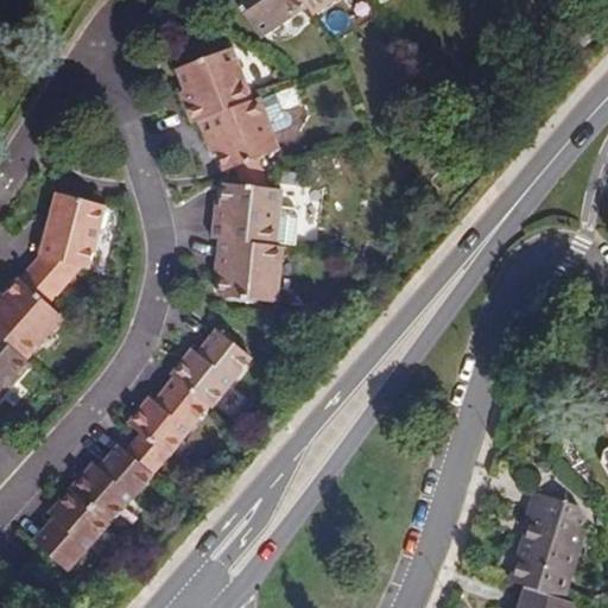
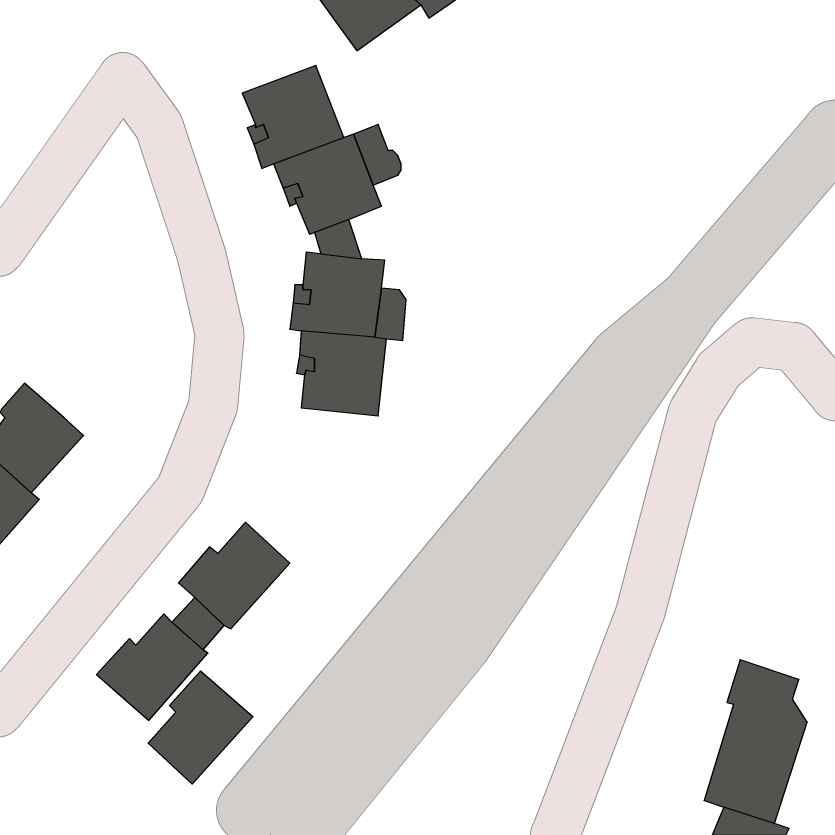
building: [18,194,101,303] -> none
building: [172,331,253,408] -> none
building: [32,489,108,571] -> [148,671,253,784]

